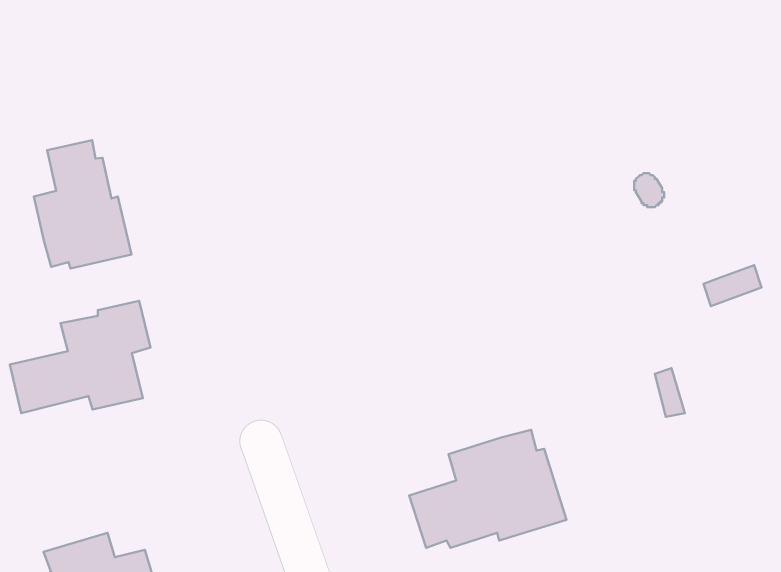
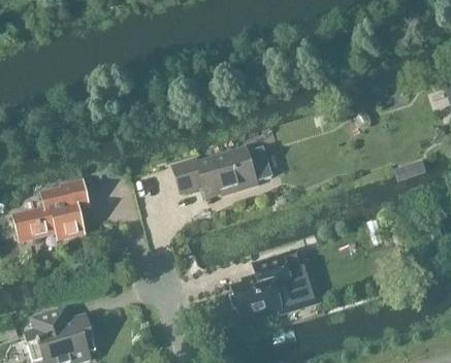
building: [34,140,131,268] -> none
building: none -> [171,146,269,196]

